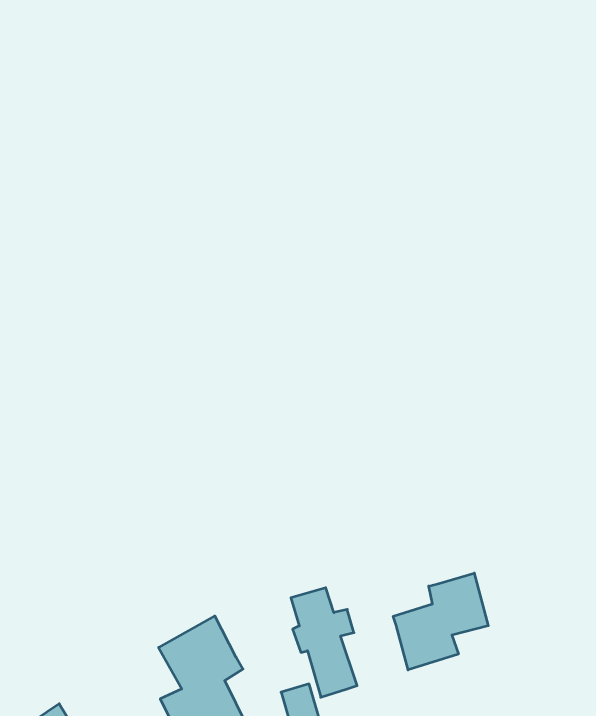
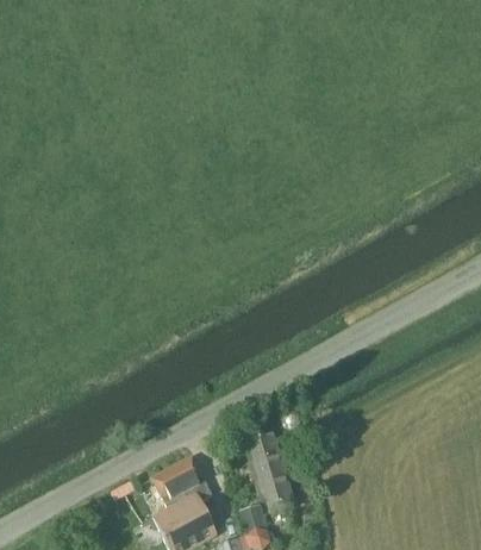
building: [393,573,488,670] -> none

